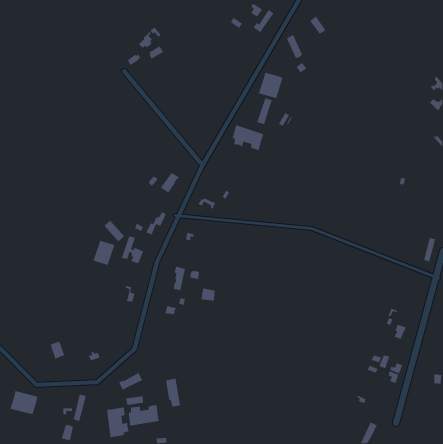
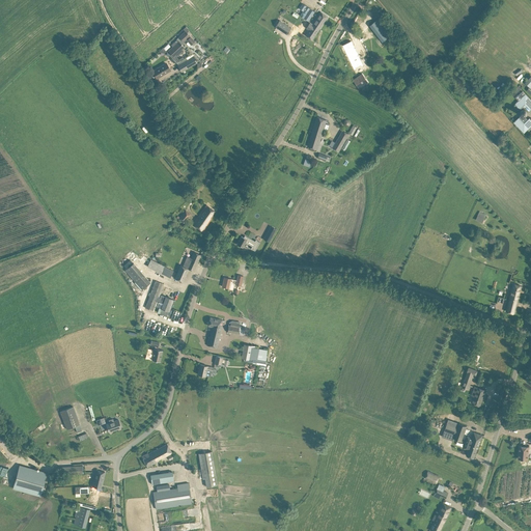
building: [258,72,283,99] -> none
building: [232,124,265,151] -> none
building: [92,239,115,266] -> none
building: [106,406,130,438] -> none

